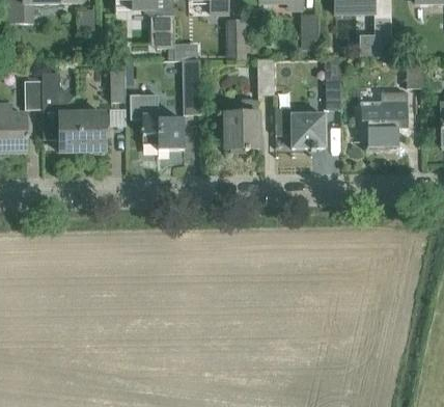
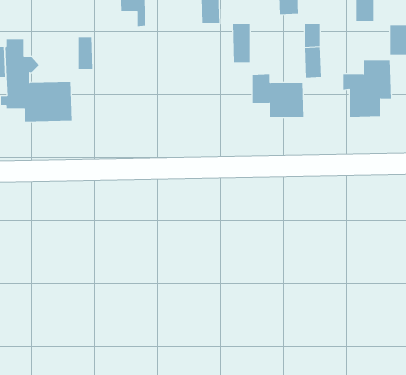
building: [182,59,200,113] -> none
building: [129,92,184,148] -> none
building: [225,99,258,147] -> none

